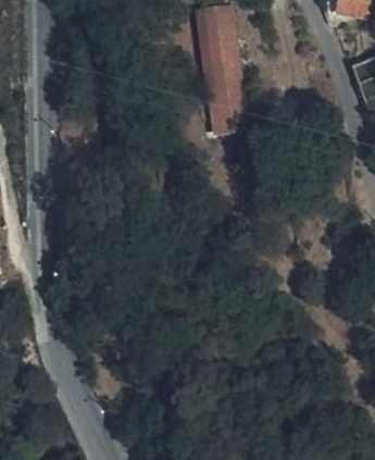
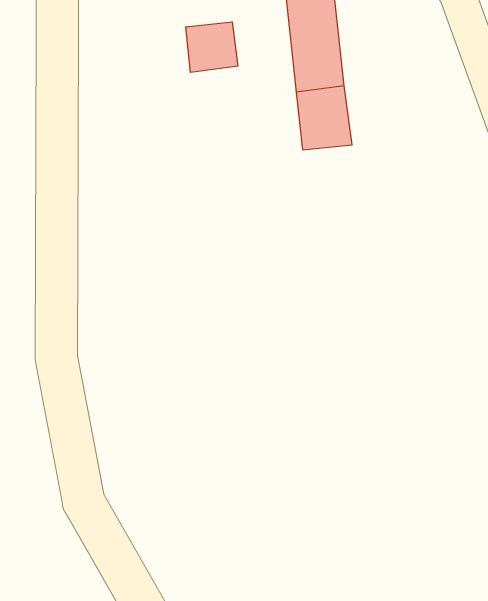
building: none -> [186,22,238,72]

